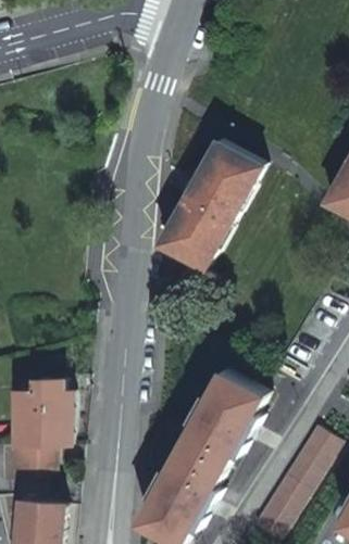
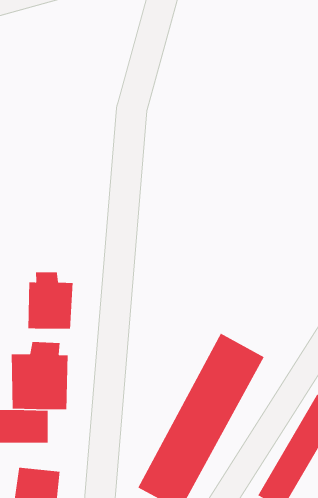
building: [159,140,261,268] -> none
building: none -> [28,271,74,330]

